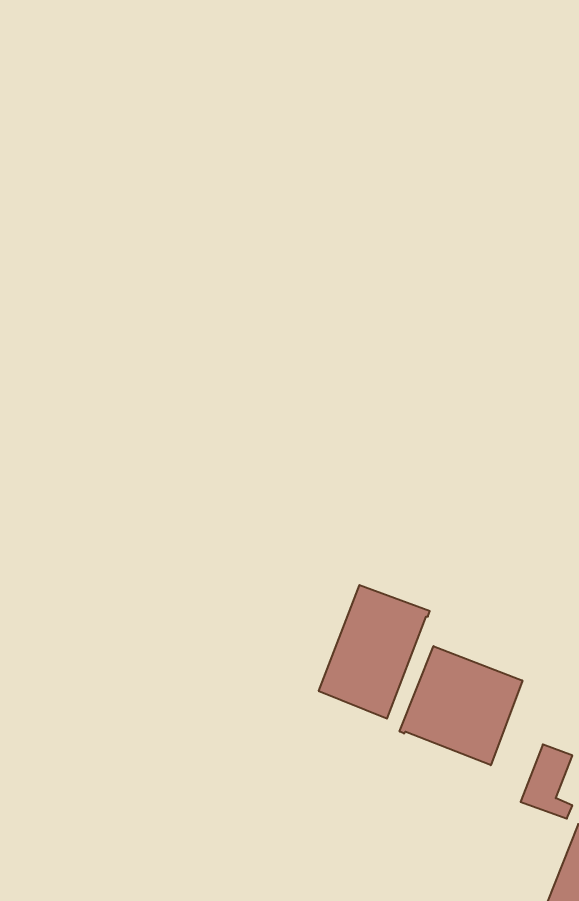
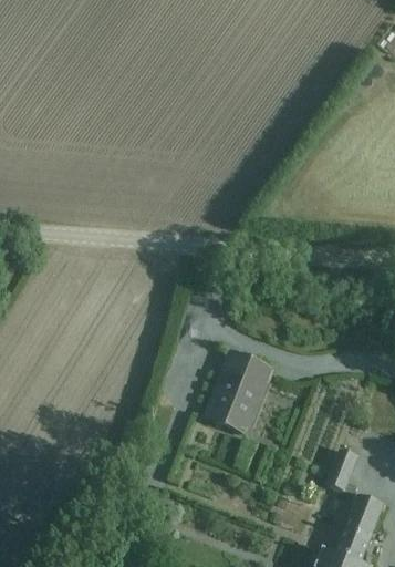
building: [400,646,522,765] -> none

